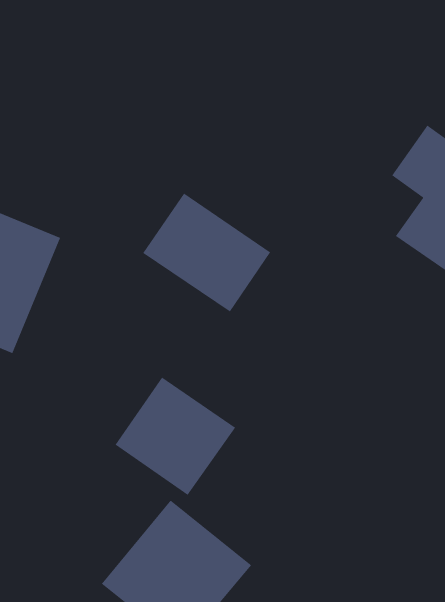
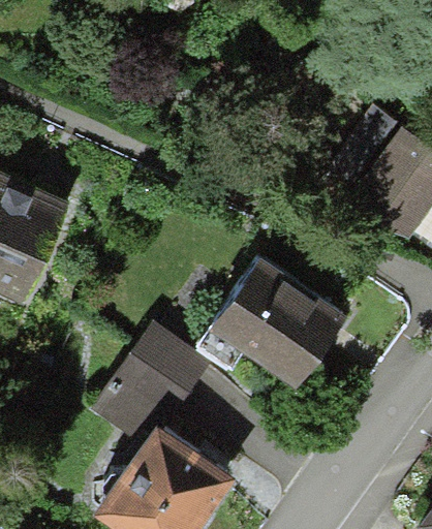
building: [142,193,271,312] -> none
building: none -> [211,261,341,383]

